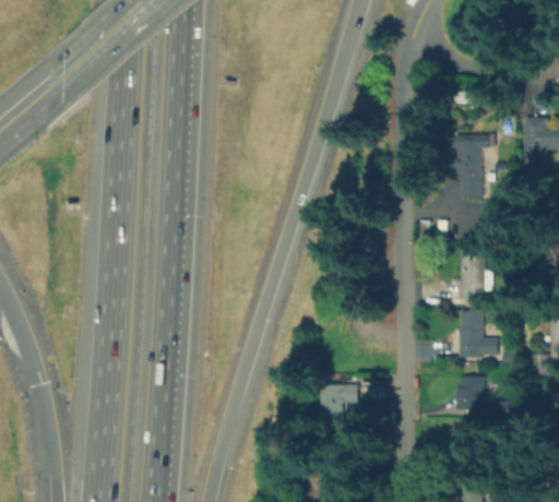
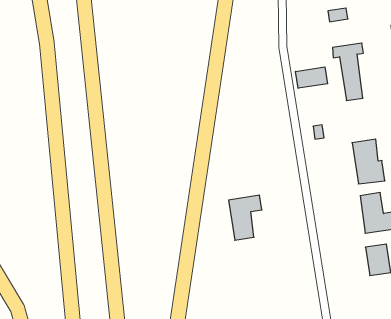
building: none -> [295,67,328,88]
building: [320,385,357,433] -> [229,195,262,240]

